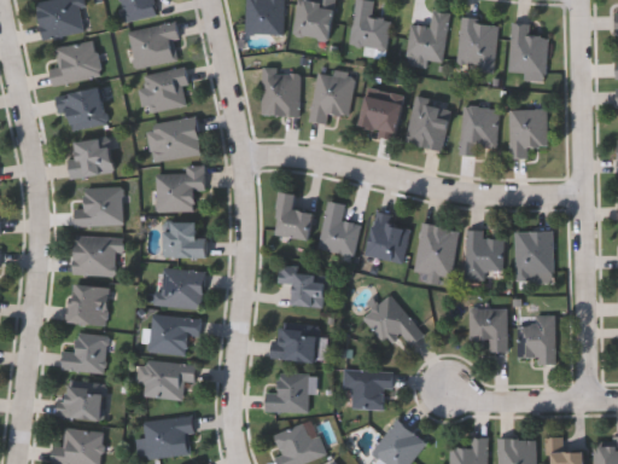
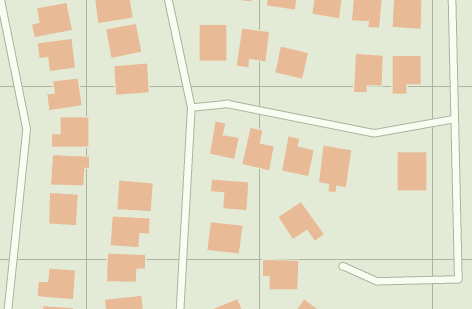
building: [404,99,450,151] -> none
building: [156,166,204,211] -> none
building: [164,222,206,259] -> none
building: [465,231,503,280] -> none
building: [468,308,507,352] -> none
building: [517,317,554,365] -> none
building: [60,334,107,373] -> none
building: [264,372,308,412] -> none

